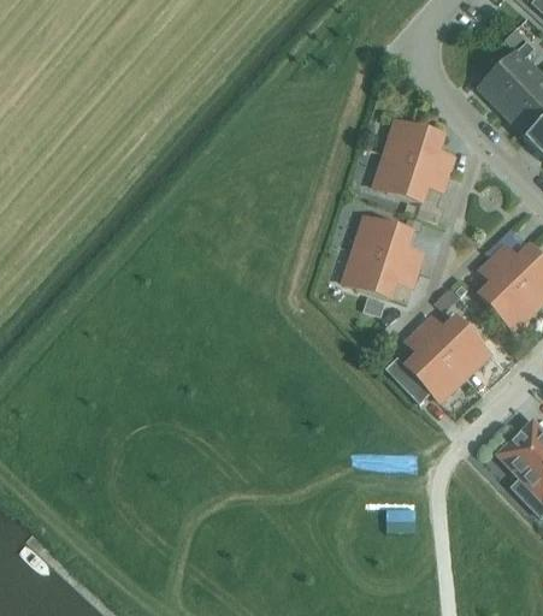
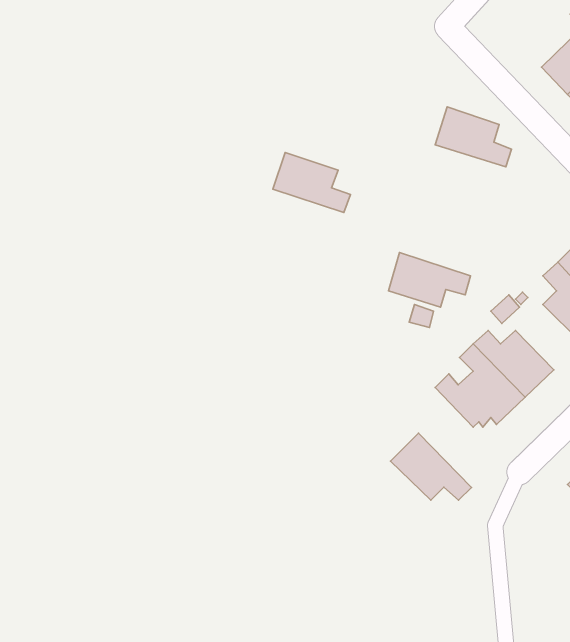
building: [374,153,448,200] -> none
building: [354,215,423,268] -> [273,152,351,212]
building: none -> [391,433,471,500]

